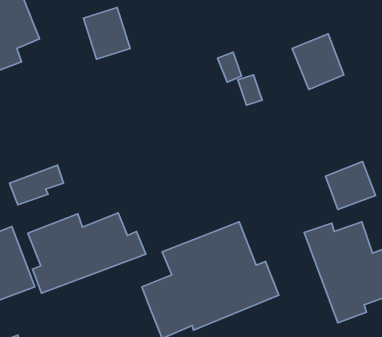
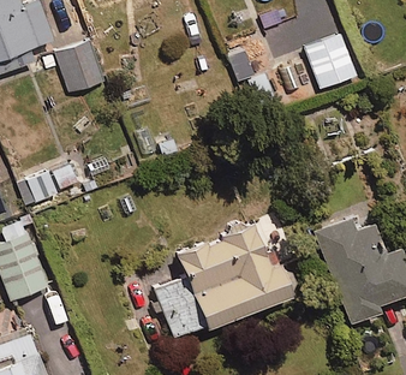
building: [83,7,130,59] -> [56,42,103,94]
building: [325,161,375,210] -> none
building: [28,213,146,293] -> none

